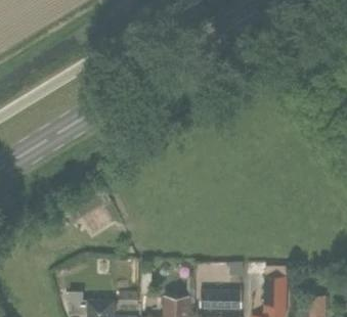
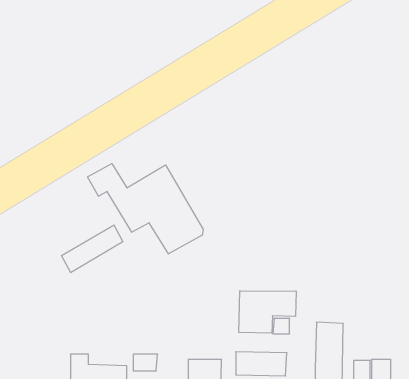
building: none -> [88,164,203,254]
building: none -> [239,291,296,333]

